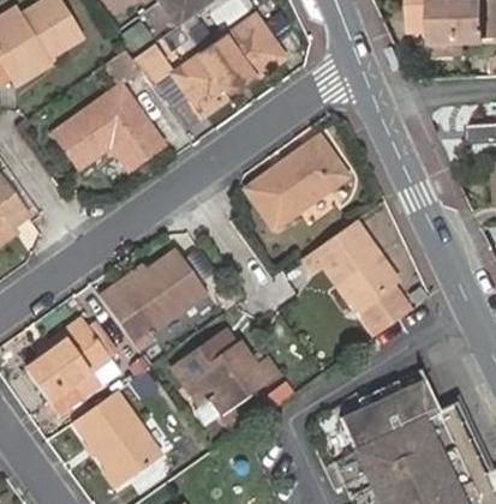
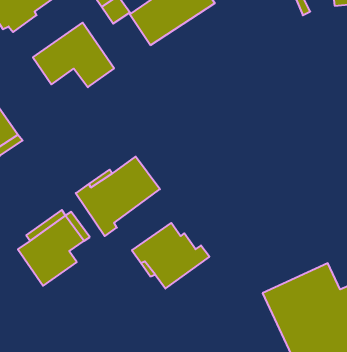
building: [252,139,357,236] -> none
building: [310,218,419,335] -> none
building: [71,394,162,491] -> none

